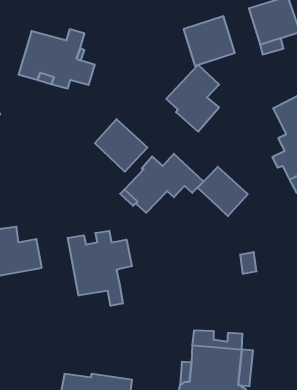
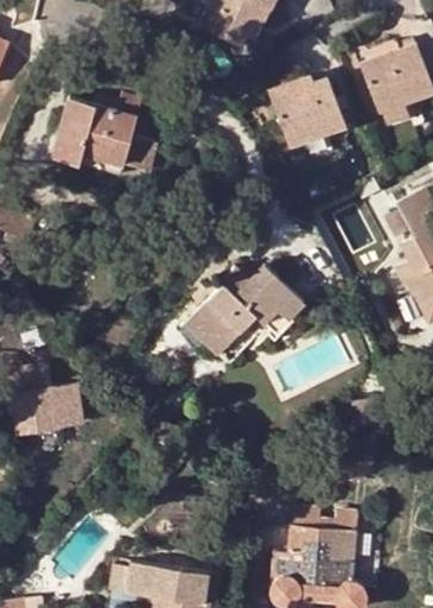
building: [166,65,219,132] -> none
building: [95,119,147,172] -> none
building: [198,167,248,216] -> none
building: [68,231,132,306] -> none

